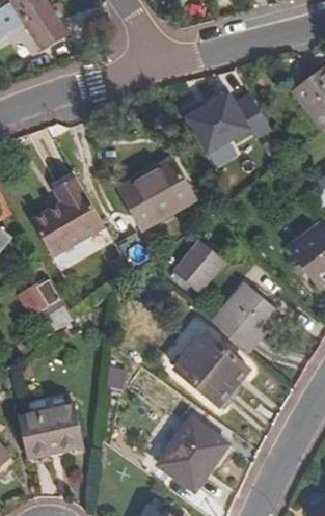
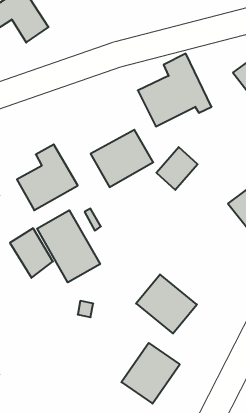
building: [172,241,222,293] -> [156,147,198,190]
building: none -> [37,210,100,282]
building: [212,284,278,353] -> none
building: [17,404,83,459] -> none

